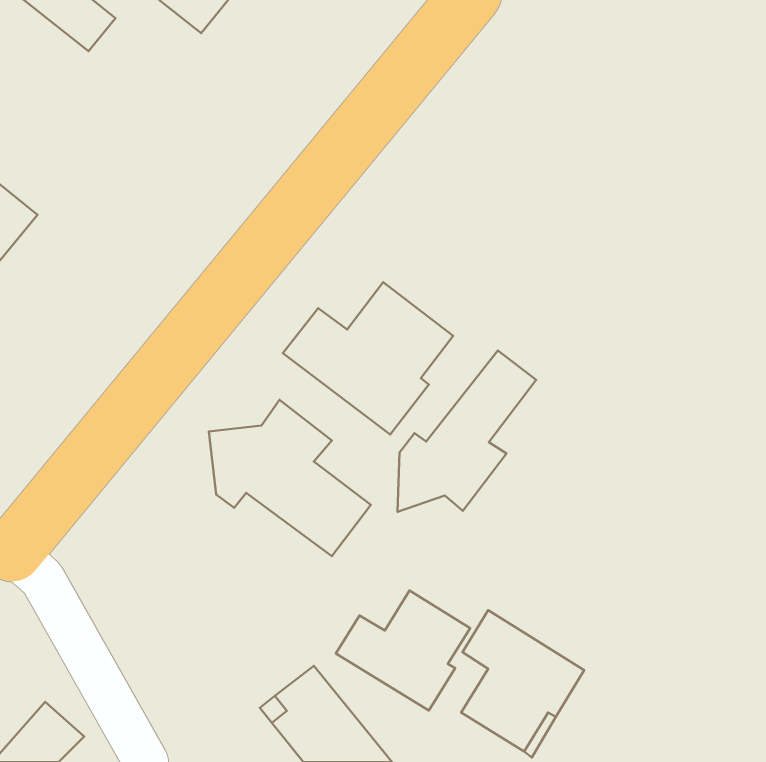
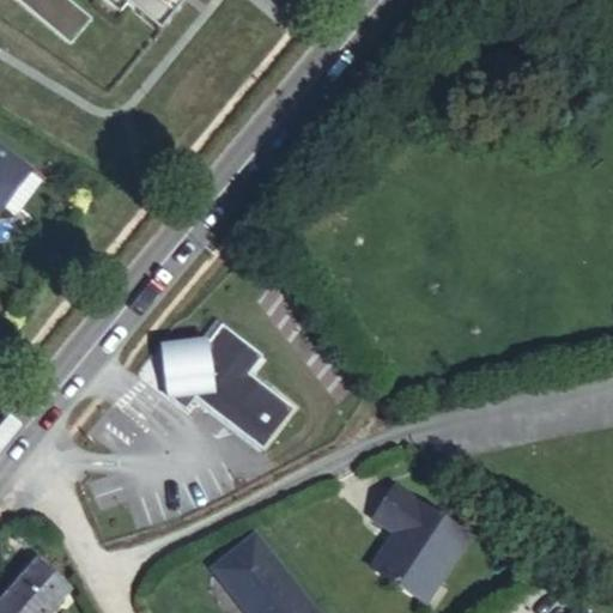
building: [283,282,453,435] -> none
building: [398,350,536,512] -> none
building: [336,591,470,710] -> none

